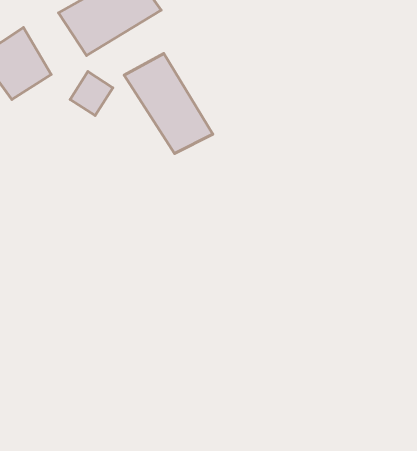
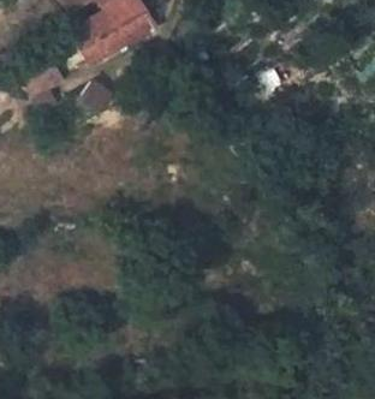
building: [124,53,213,154] -> none

